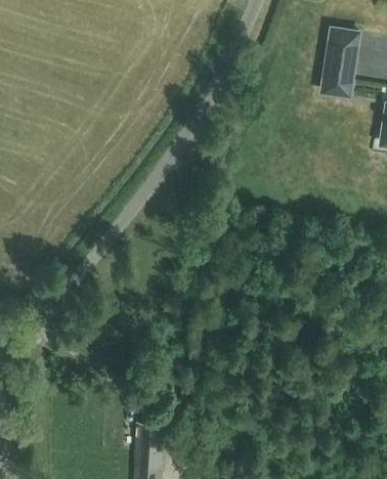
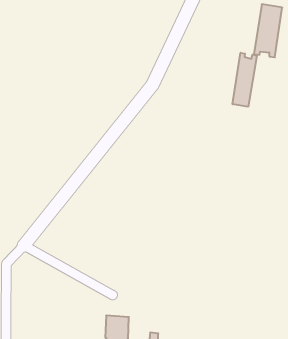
building: none -> [233,53,257,107]

